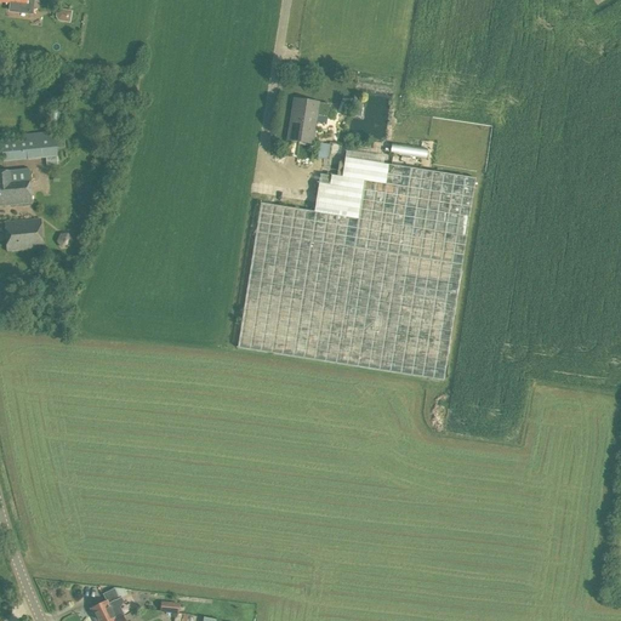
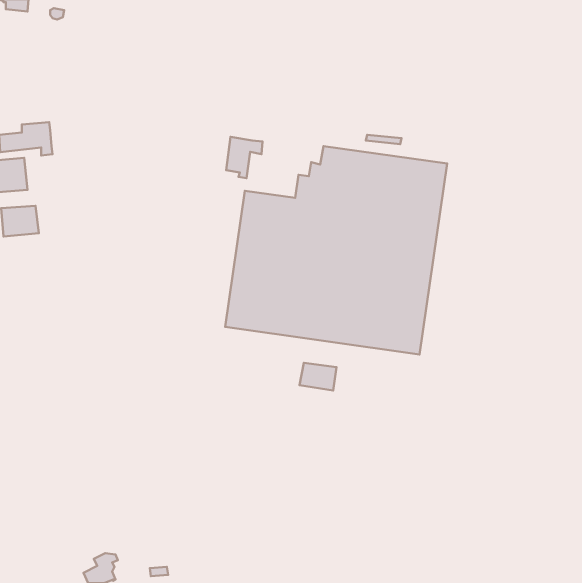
building: [287,98,326,142] -> [226,137,263,178]
building: none -> [300,363,336,390]

